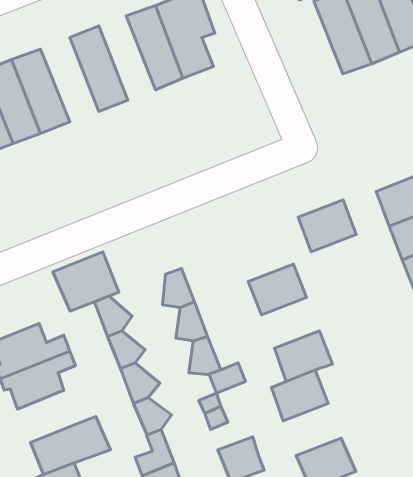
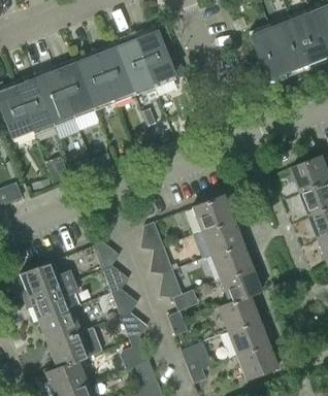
building: none -> [95,42,135,102]
building: none -> [54,58,95,118]
building: [298,200,356,252] -> [192,194,233,231]
building: [53,252,119,311] -> none
building: none -> [210,242,252,278]
building: none -> [37,308,79,345]
building: none -> [226,318,267,355]

